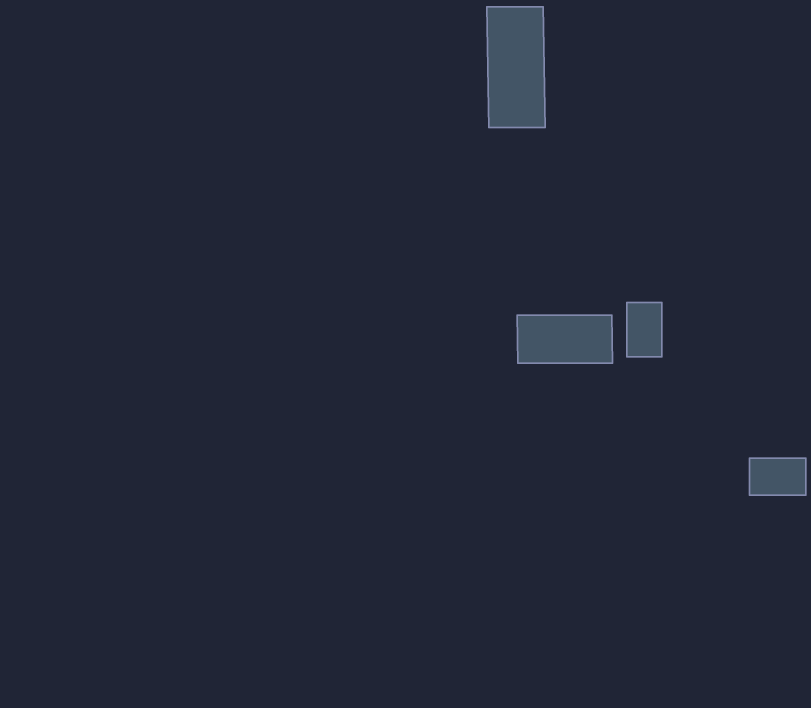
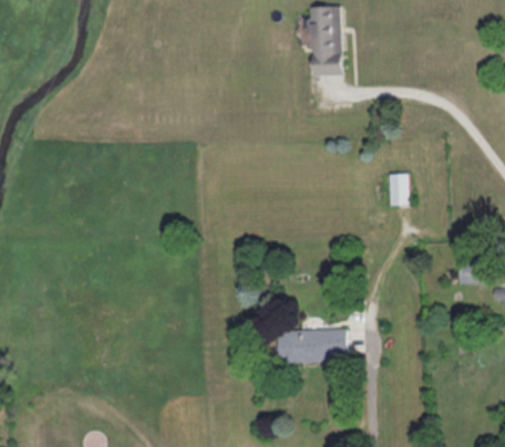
building: [517,315,612,363] -> none
building: none -> [277,328,346,363]

